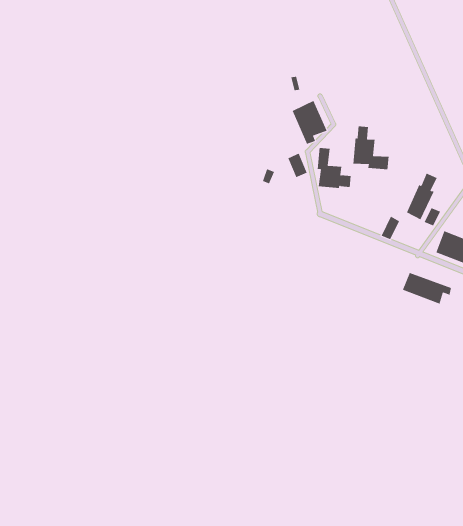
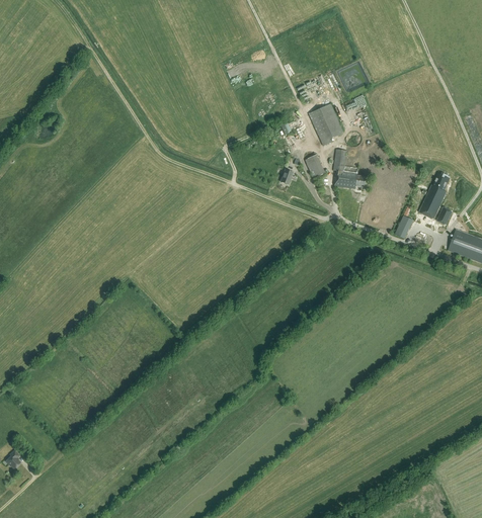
building: [353,125,389,170] -> none
building: [402,272,451,305] -> none

